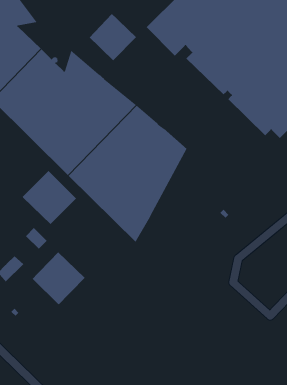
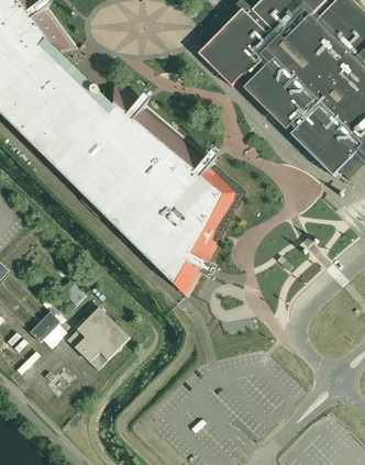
building: [87,12,137,61] -> none
building: [20,170,77,227] -> none

